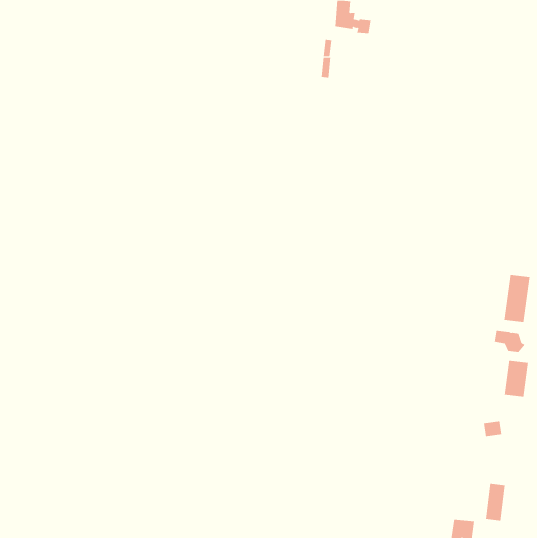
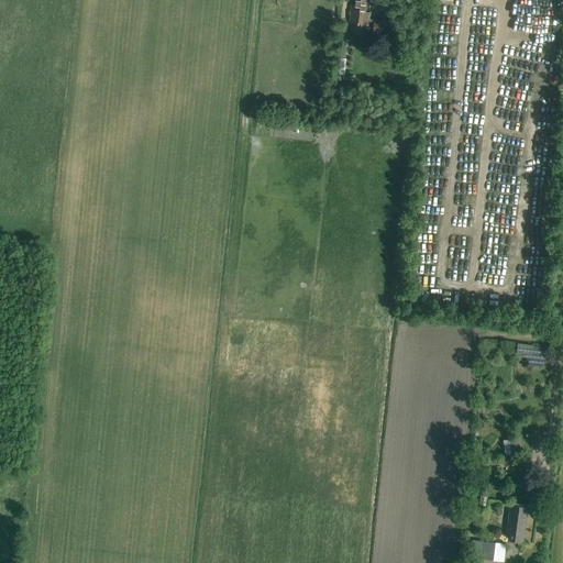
building: [504,274,530,323] -> none
building: [504,360,529,398] -> none

